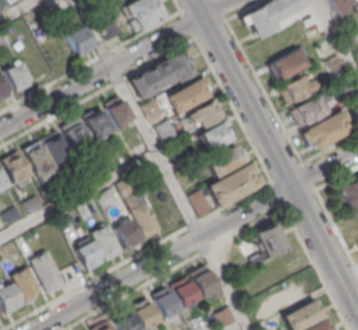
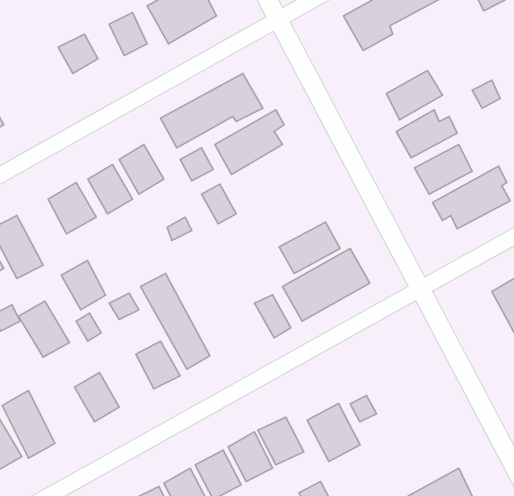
building: [186,100,225,128] -> none
building: [202,121,236,152] -> none
building: [43,132,71,163] -> [61,260,106,310]
building: [258,223,291,260] -> [307,404,360,461]
building: [92,226,124,261] -> [18,301,70,357]

